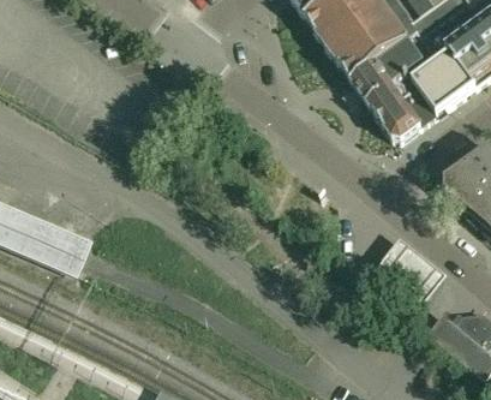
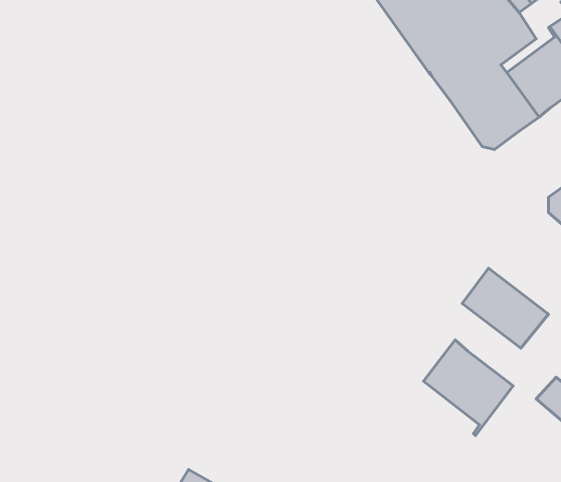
building: none -> [424,340,513,435]

